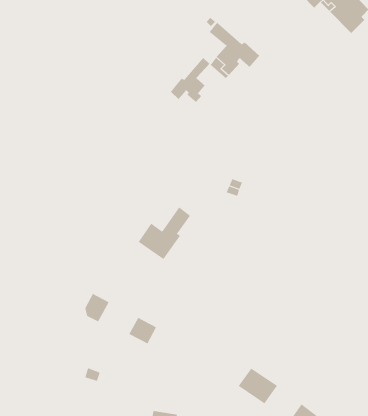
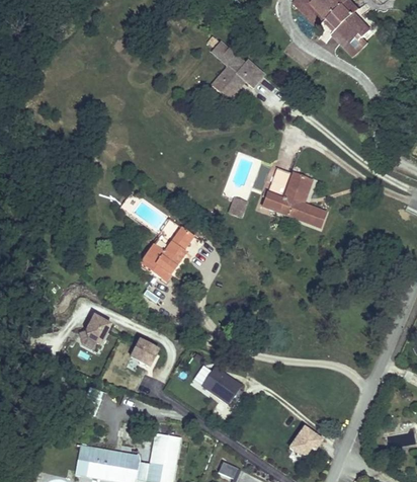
building: [170,57,210,103] -> none
building: none -> [262,168,325,228]
building: [238,368,278,404] -> [201,368,242,404]

